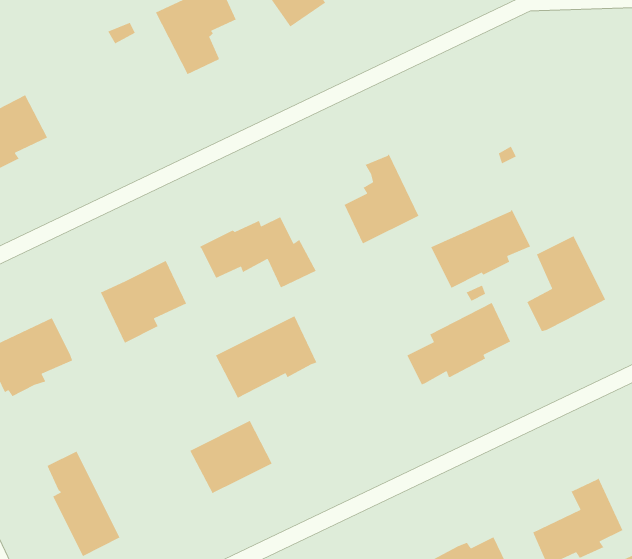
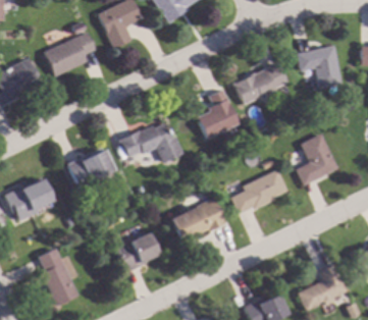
building: none -> [44,32,95,76]
building: none -> [297,46,343,89]
building: [430,209,531,289] -> [233,62,287,105]
building: [215,315,318,399] -> [170,198,225,243]

